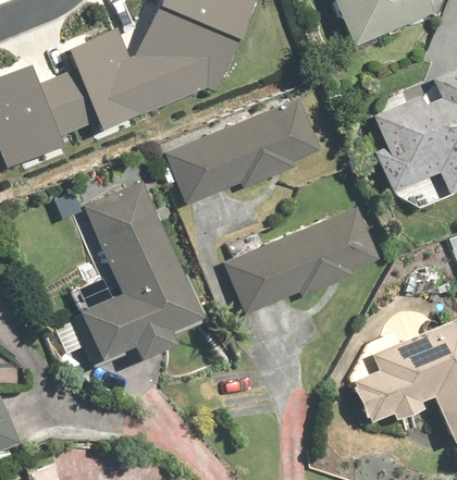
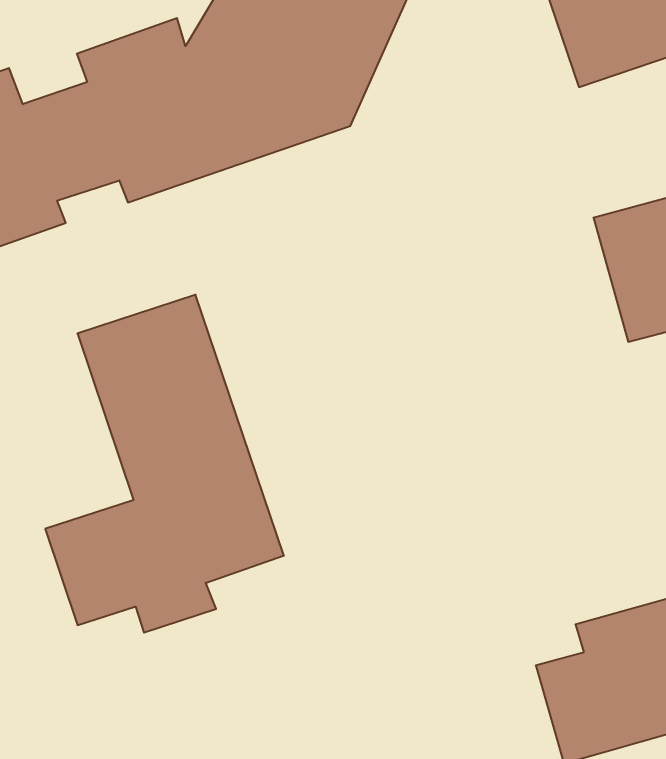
building: [162,99,319,205] -> none
building: [219,210,376,315] -> none

